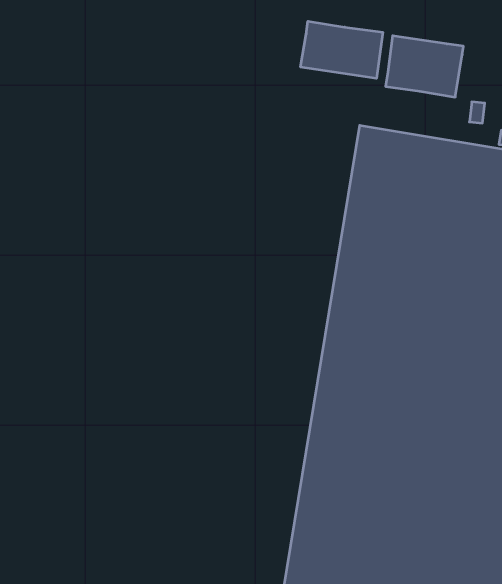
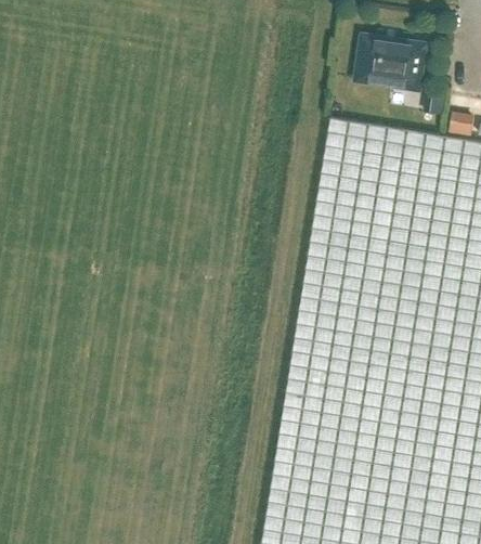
building: [301,21,383,78] -> none

